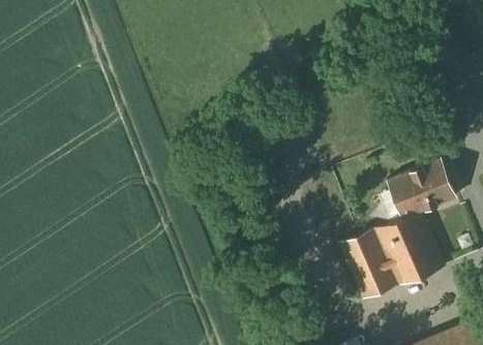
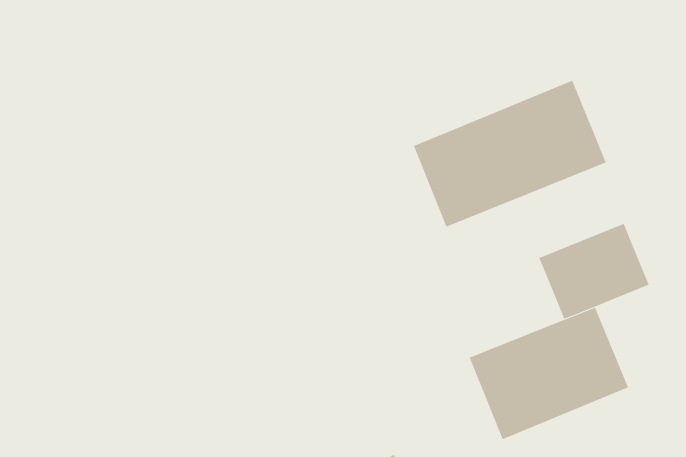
building: none -> [413,80,607,228]

